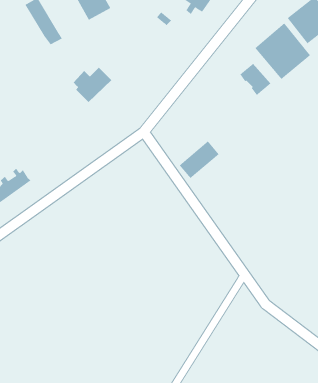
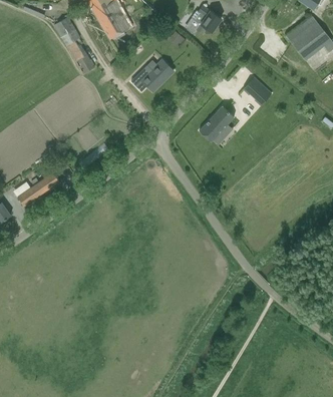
building: [255,22,311,80] -> none
building: [73,67,112,103] -> [138,60,174,92]
building: [179,141,219,179] -> [195,106,231,140]

